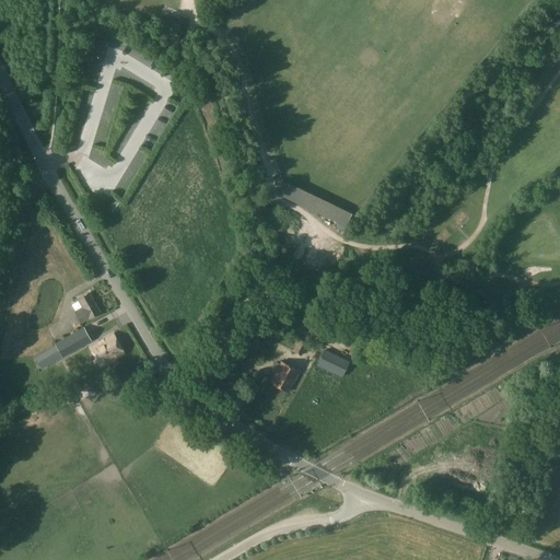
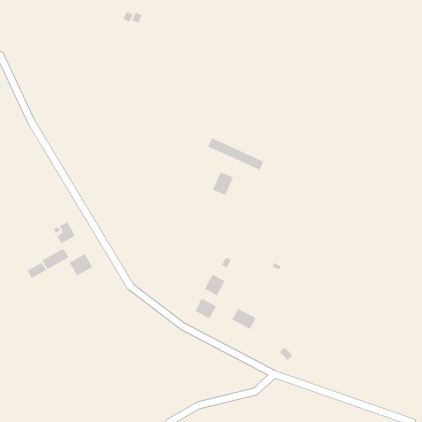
building: none -> [212,172,234,196]
building: [316,350,350,378] -> [231,308,257,330]
building: none -> [194,298,217,320]

